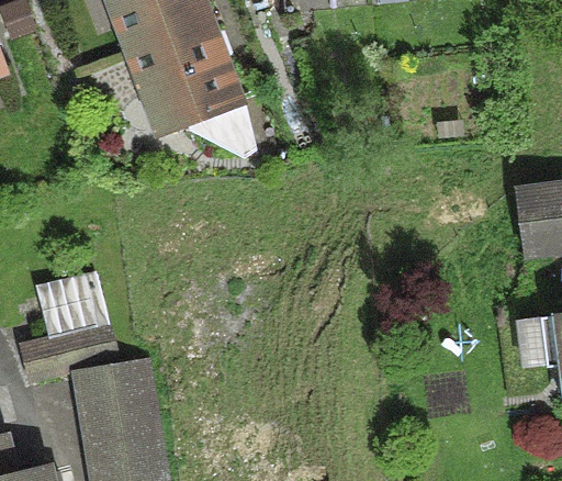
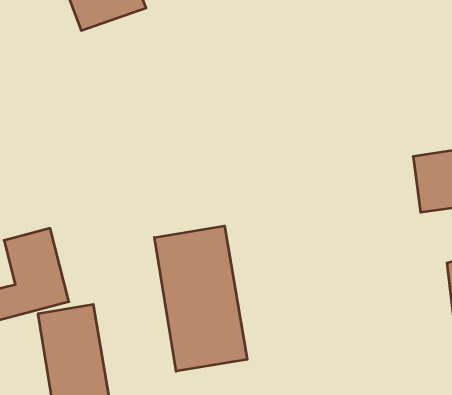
building: [127,14,250,153] -> none
building: none -> [154,226,247,371]

